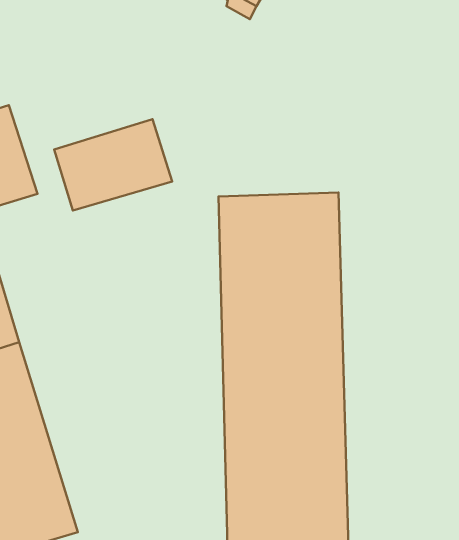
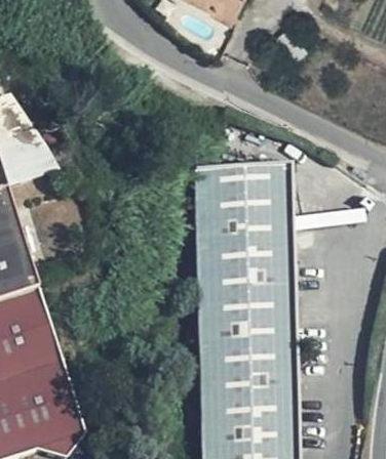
building: [54,119,172,211] -> none

